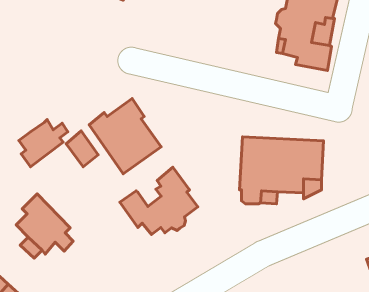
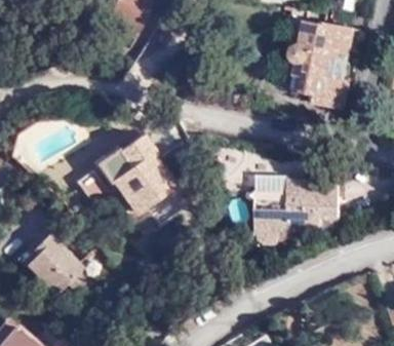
building: [19,120,68,167] -> none
building: [120,167,198,235] -> none

